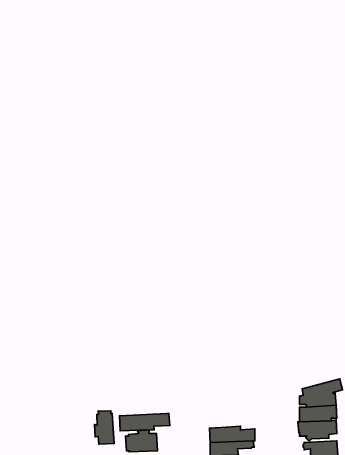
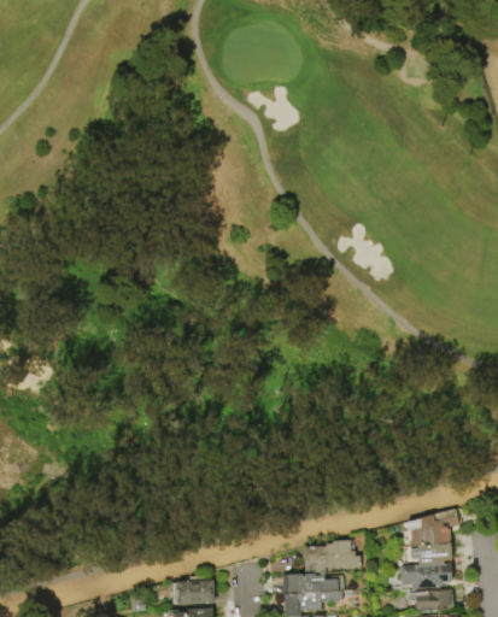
building: none -> [304,540,362,572]
building: [95,411,114,444] -> none
building: [120,413,170,431] -> none

